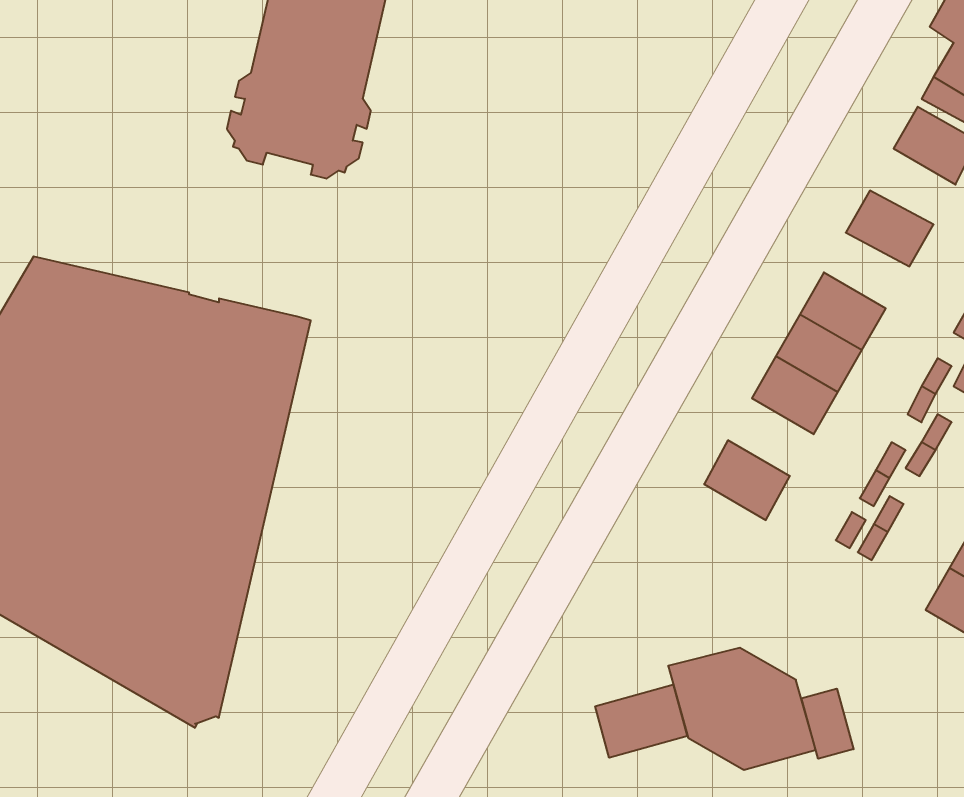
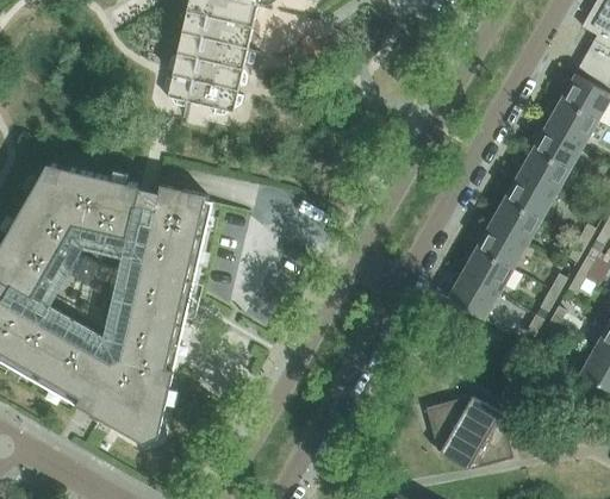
building: none -> [547,98,598,143]
building: none -> [519,148,571,193]
building: none -> [462,247,513,293]
building: [595,685,687,758] -> none
building: [801,689,854,759] -> none

